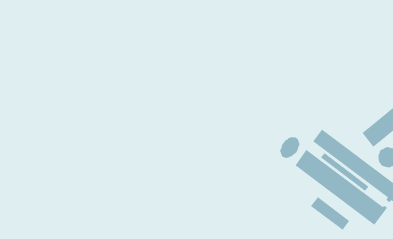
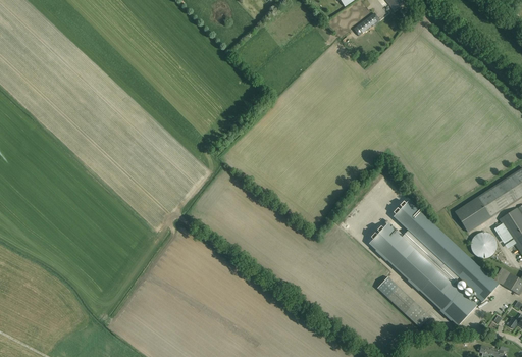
building: [279,136,300,159] -> none

